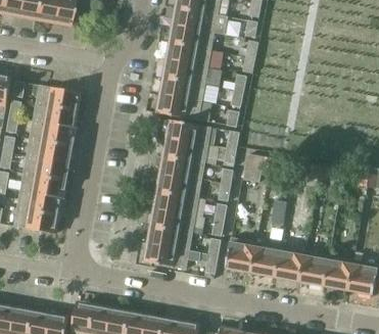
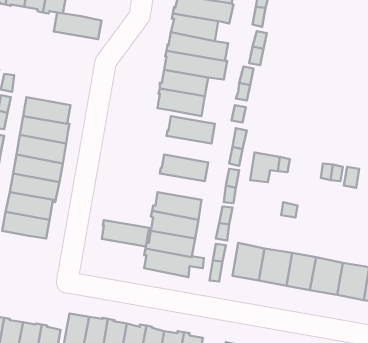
building: [36,85,80,109] -> [54,13,101,39]
building: [163,138,207,162] -> none
building: [157,173,201,197] -> [102,220,149,247]

